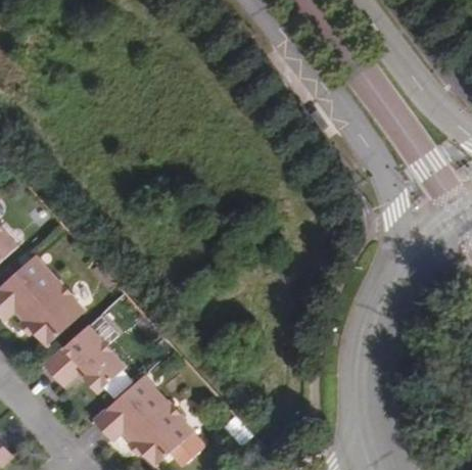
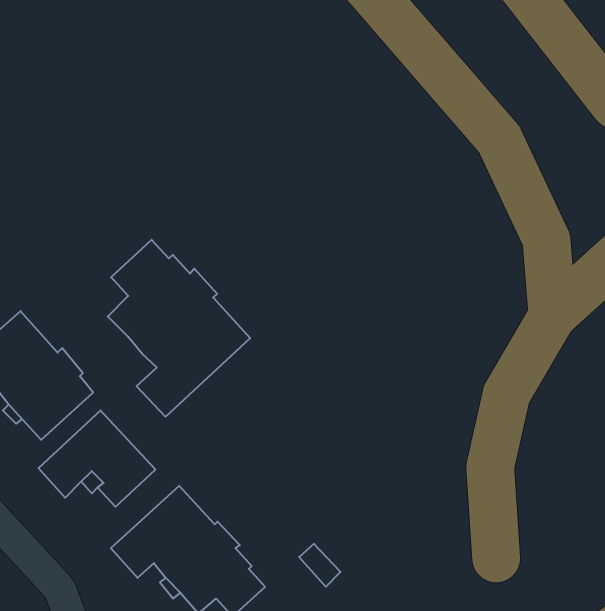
building: none -> [108,240,250,417]

